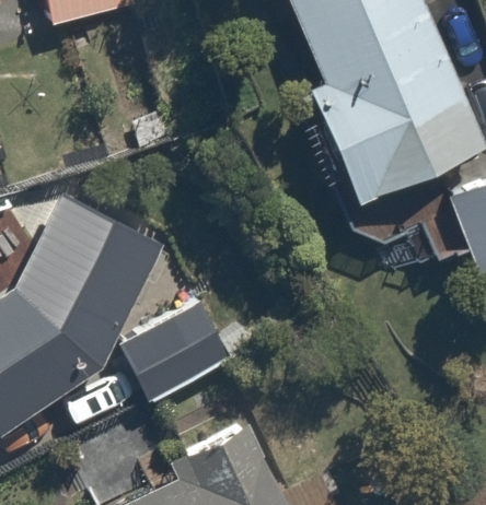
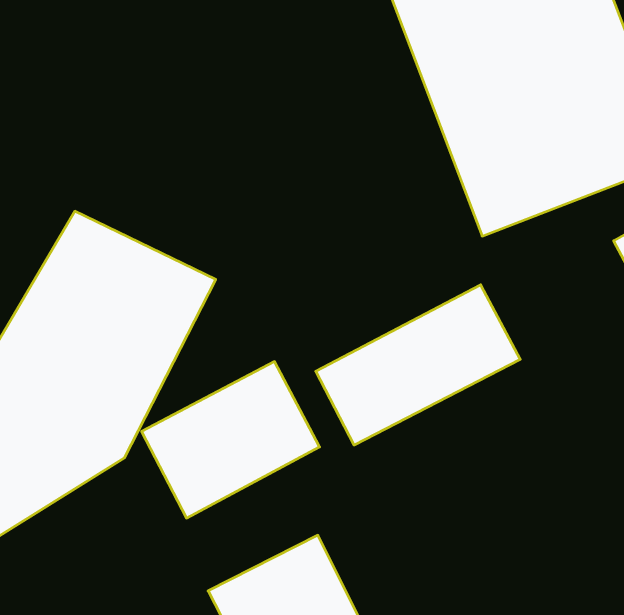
building: none -> [316,285,520,445]

